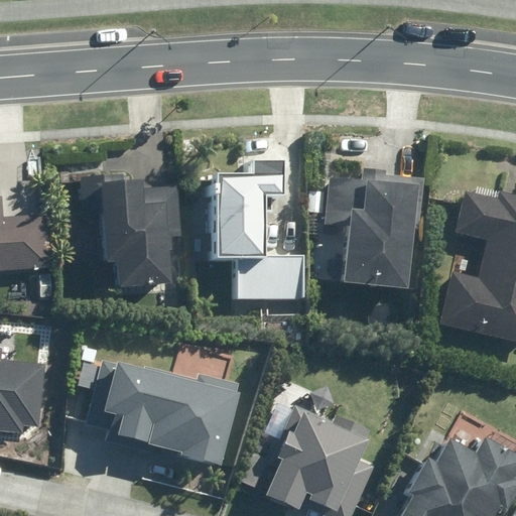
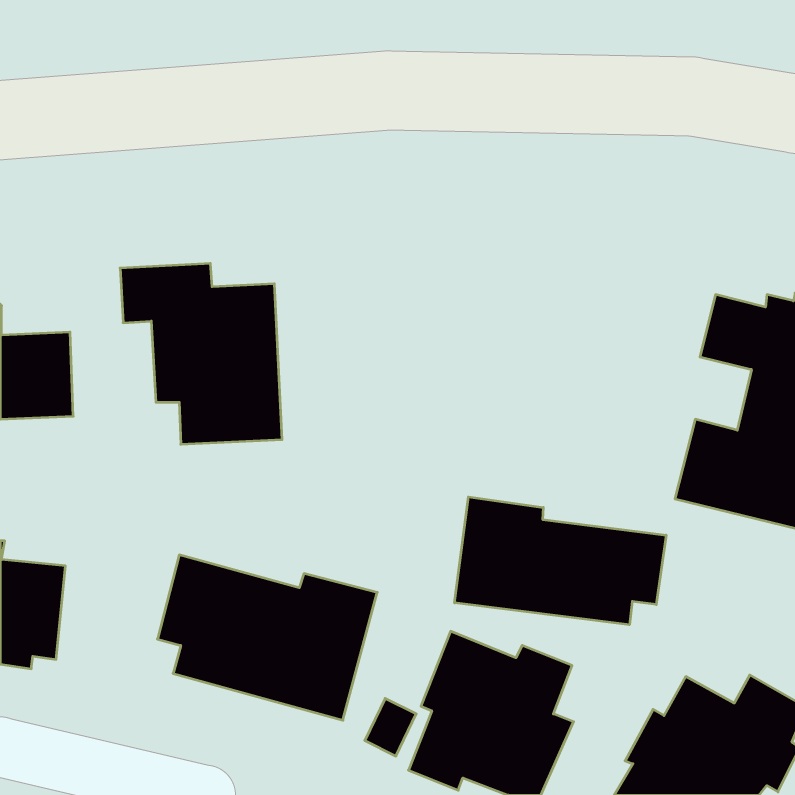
building: [212,162,305,301] -> none
building: [321,167,428,292] -> none
building: none -> [455,497,666,625]

